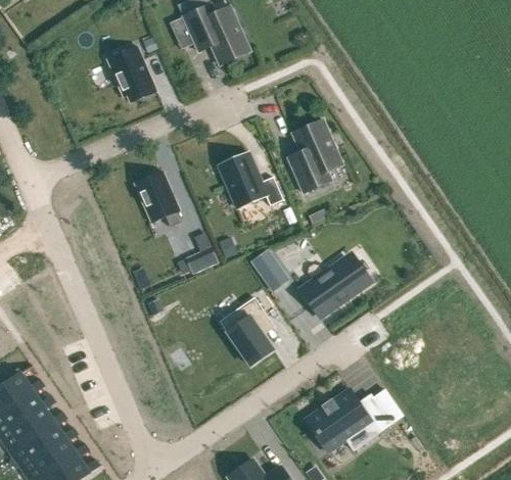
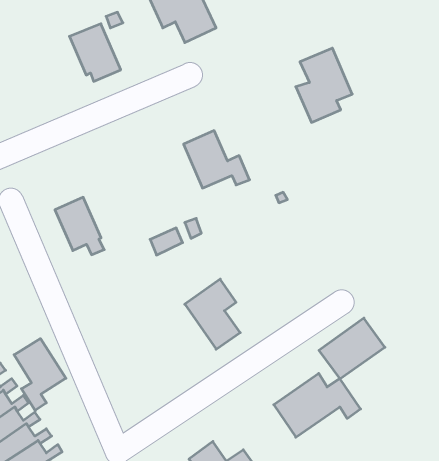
building: [287,119,342,192] -> [296,48,352,122]
building: [134,171,182,227] -> [55,197,104,255]
building: [251,250,285,290] -> none
building: [300,256,365,316] -> [319,318,385,379]
building: none -> [14,339,66,411]

